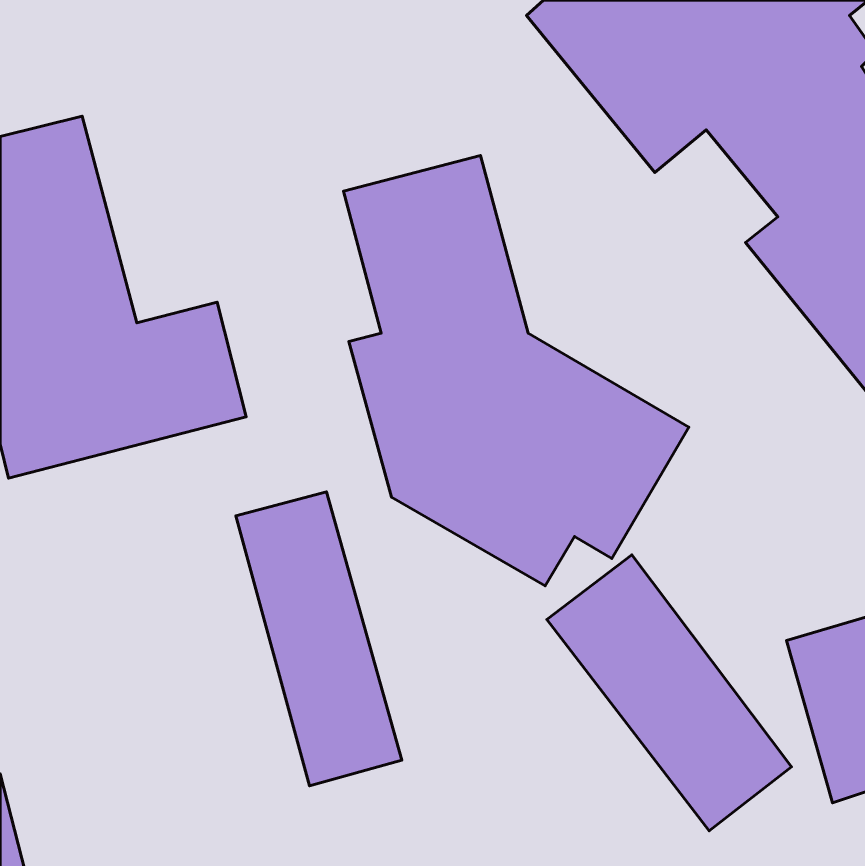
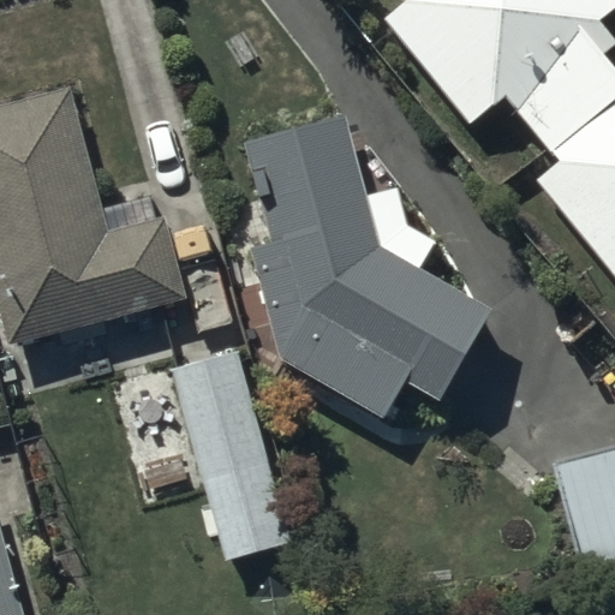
building: [547,555,792,831] -> none

